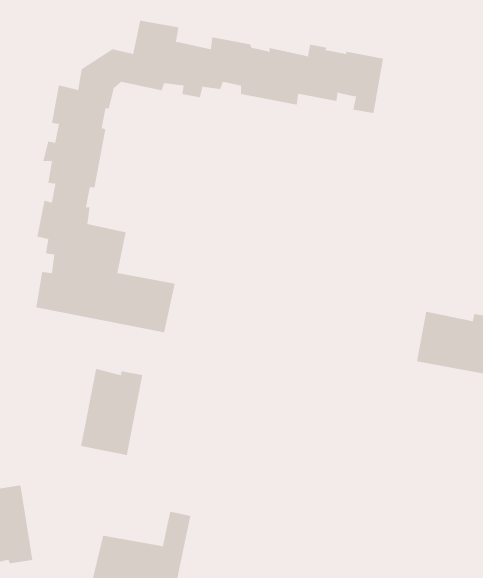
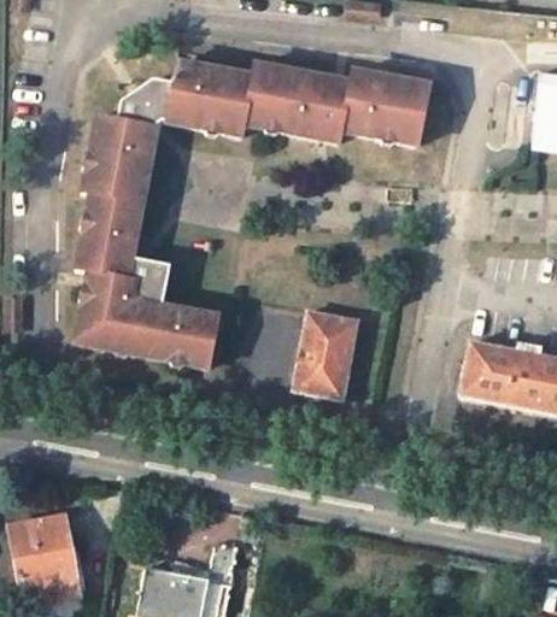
building: none -> [294,312,359,399]
building: [80,368,143,456] -> none

